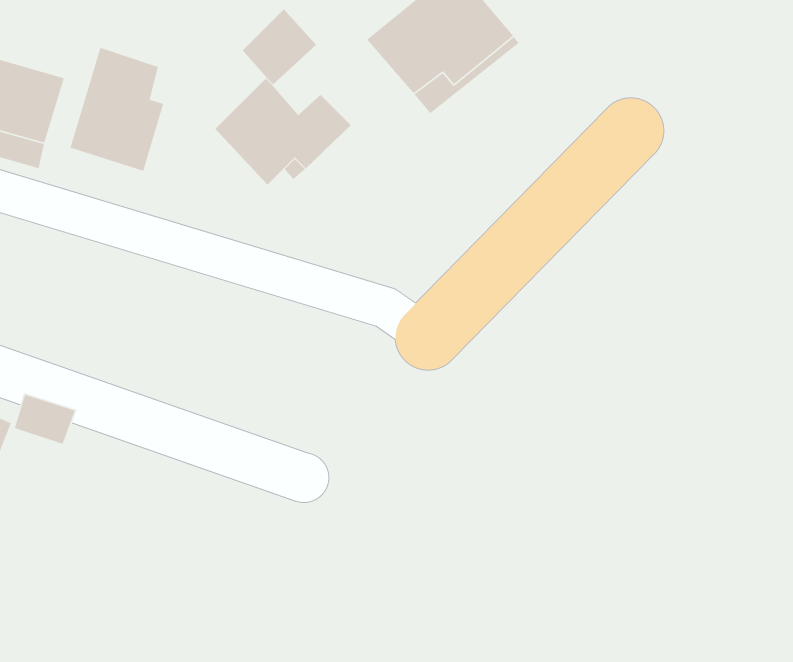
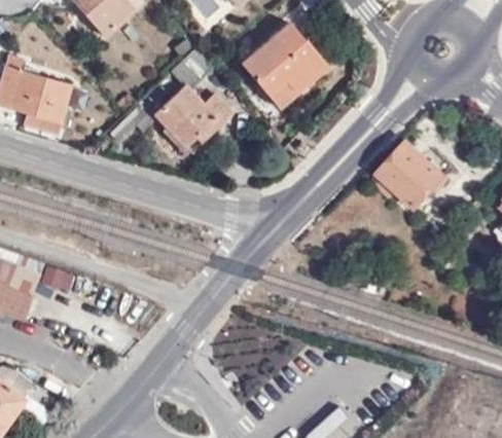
building: [69,47,164,172] -> none
building: none -> [372,143,446,209]

